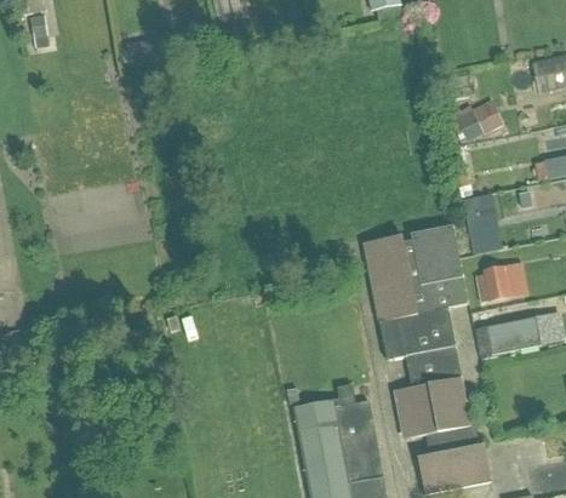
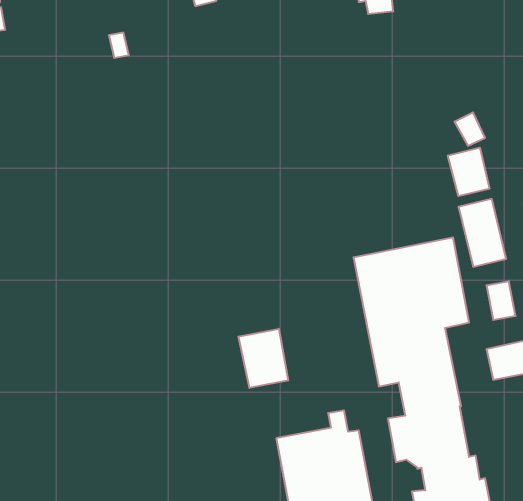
building: none -> [448,148,489,196]
building: none -> [238,329,288,388]

